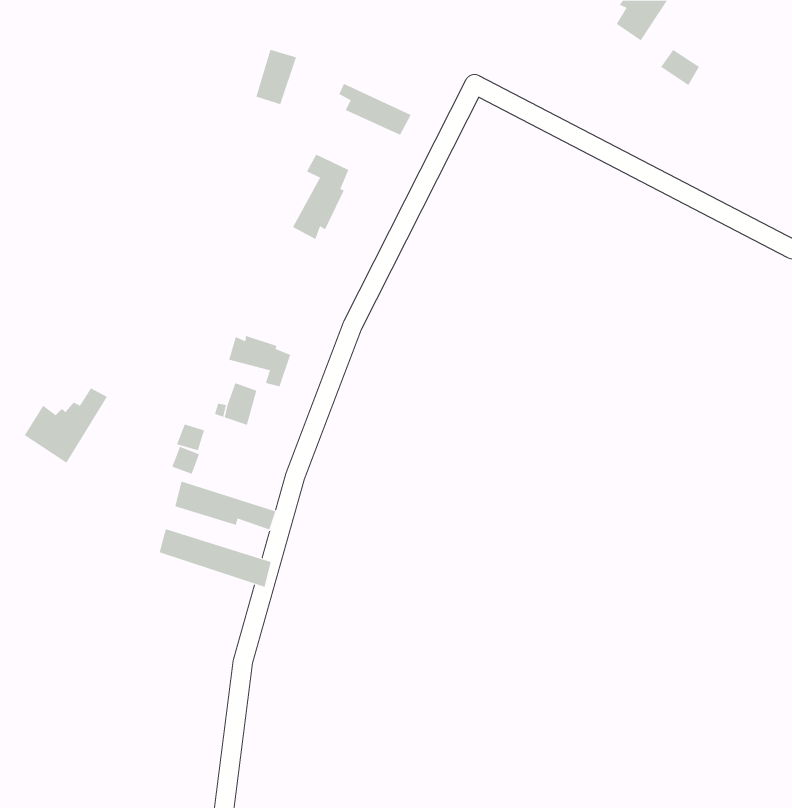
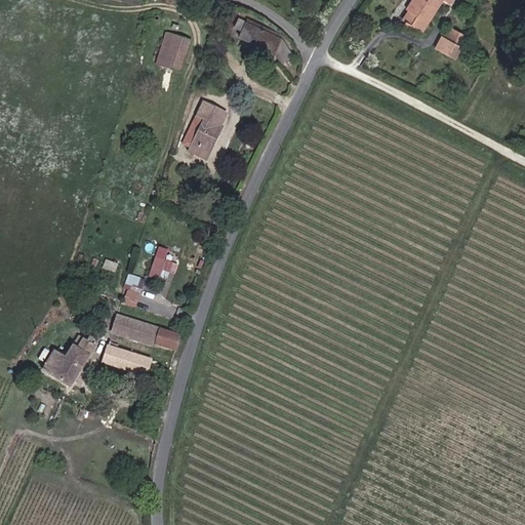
building: [339,83,412,135] -> [235,17,282,51]
building: [228,335,291,387] -> none
building: [24,387,108,464] -> [43,337,97,387]

